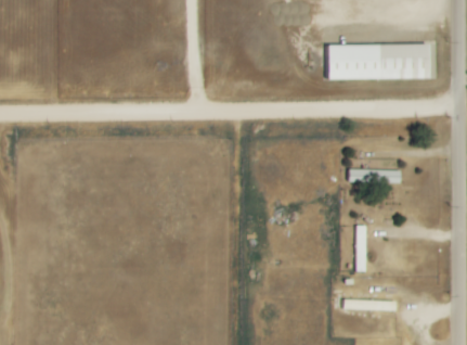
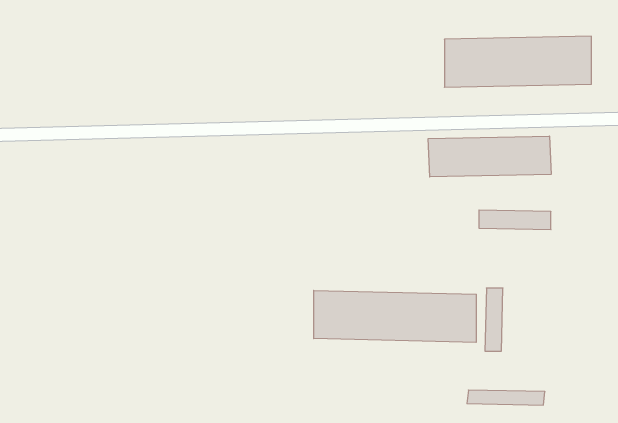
building: none -> [428,136,551,177]
building: none -> [314,290,476,342]

